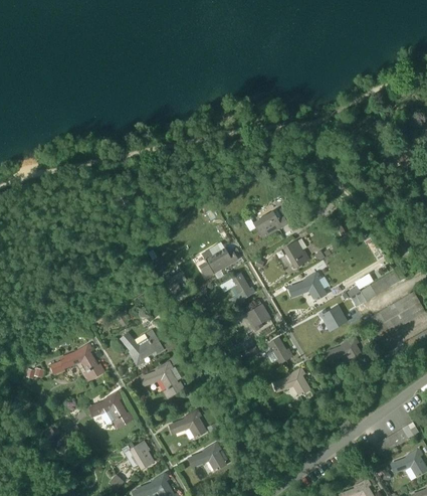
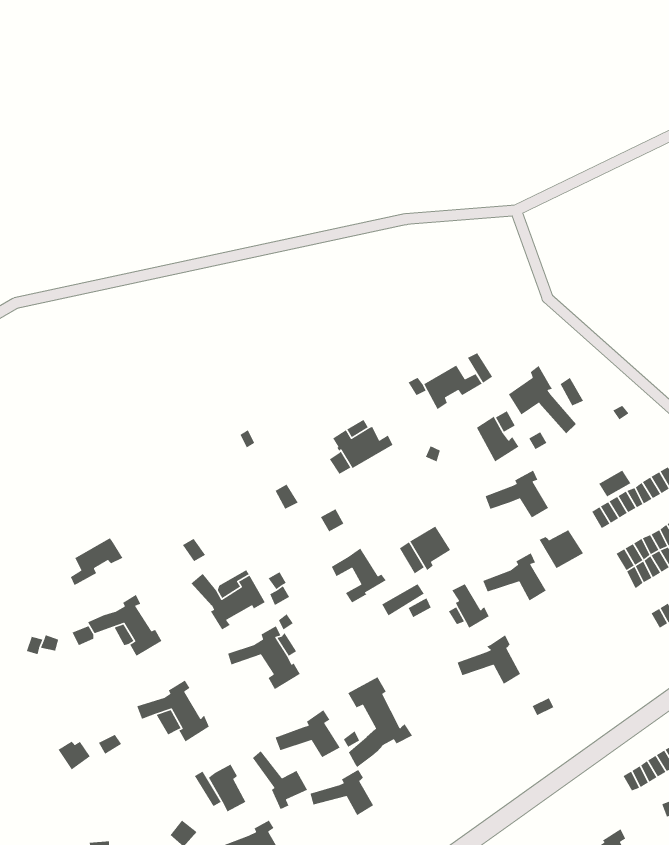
building: none -> [508,365,577,434]
building: [223,273,255,305] -> [331,547,387,603]
building: none -> [70,537,123,586]
building: [328,336,365,364] -> [482,552,547,601]
building: none -> [347,676,413,768]
building: none -> [252,750,308,810]

